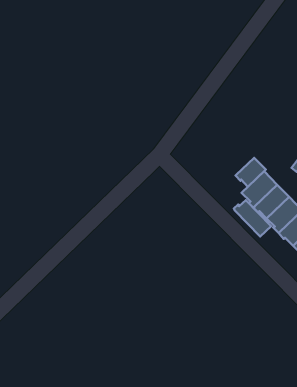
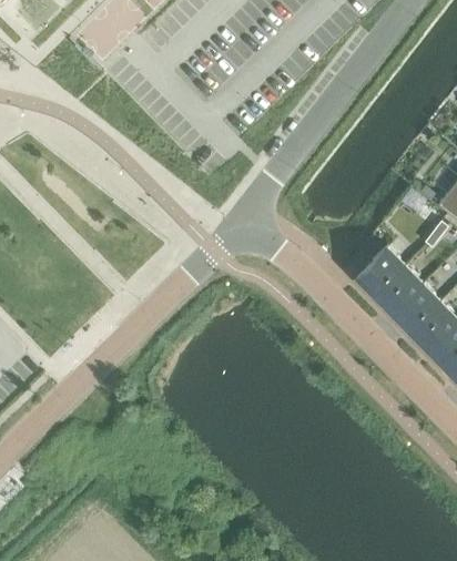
building: [236,158,266,187] -> none
building: [234,200,271,237] -> none

